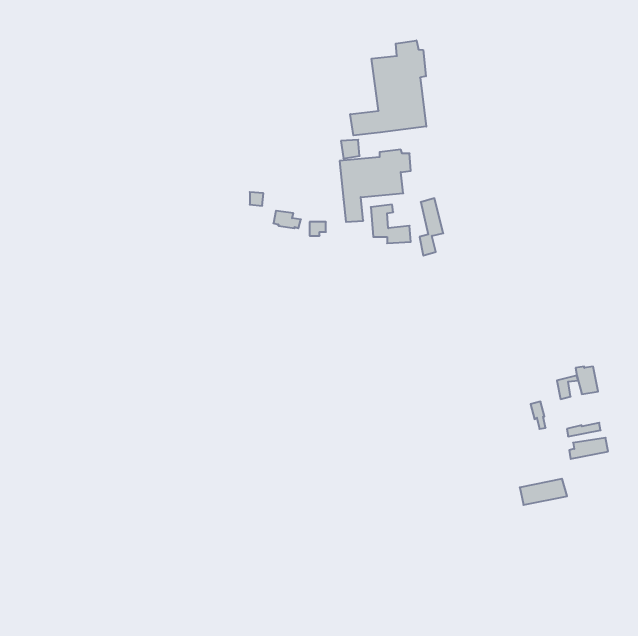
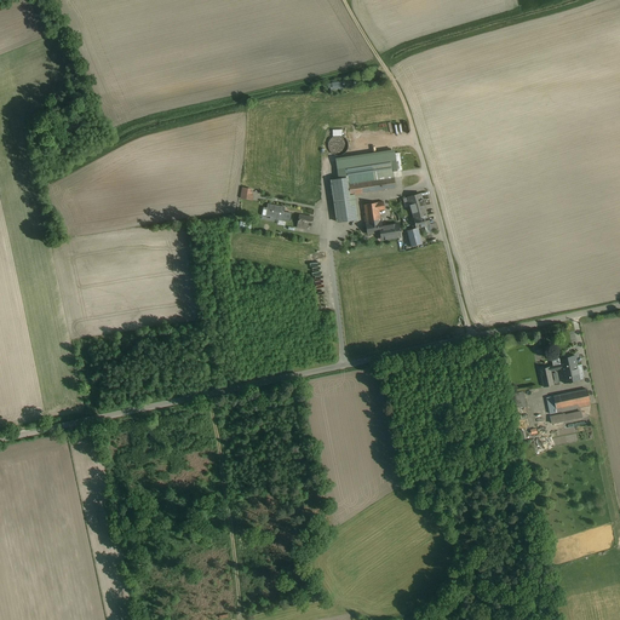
building: [350,40,426,135] -> none
building: [520,479,567,505] -> [545,390,591,415]

